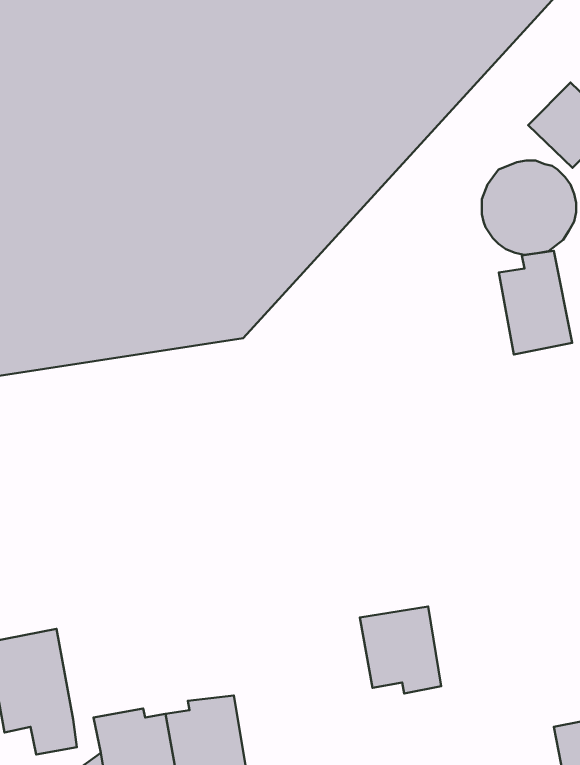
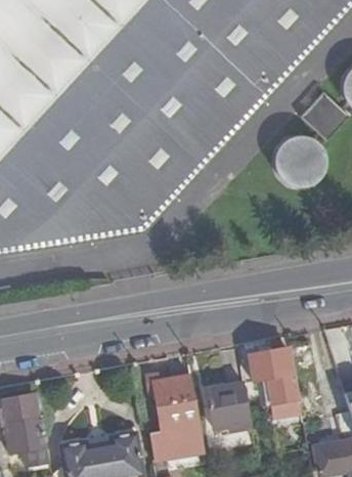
building: [499,251,572,354] -> none
building: none -> [246,345,298,399]
building: none -> [148,372,203,458]

